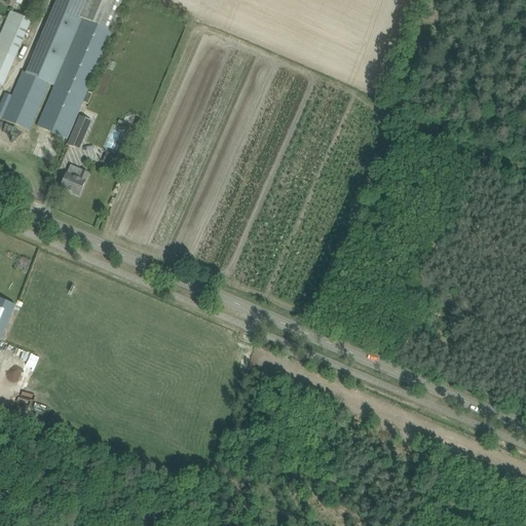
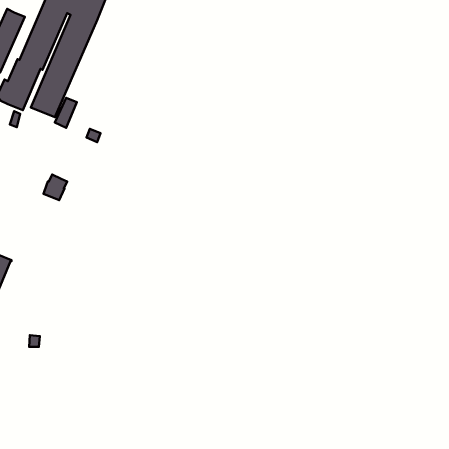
building: [59,163,86,193] -> [43,175,67,200]

